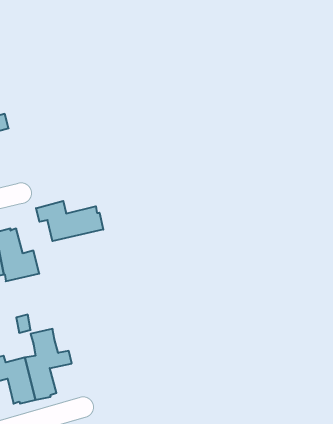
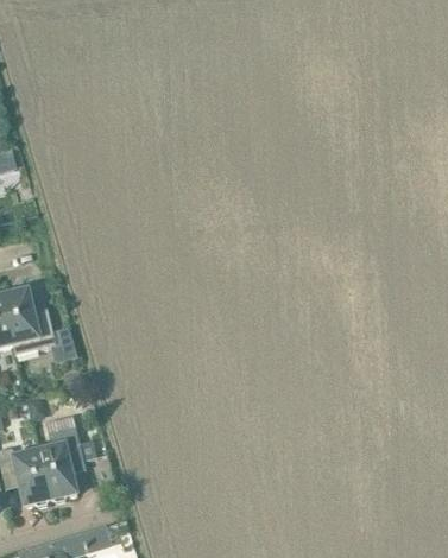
building: [36,201,103,241] -> none

